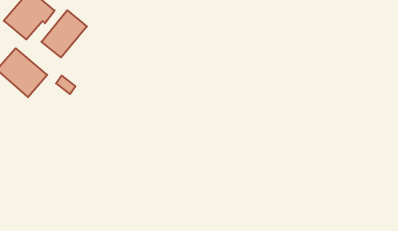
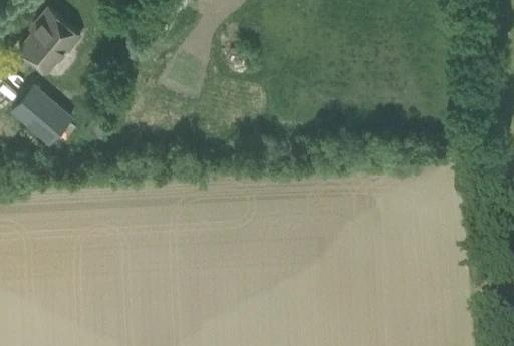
building: [41,10,87,57] -> none

